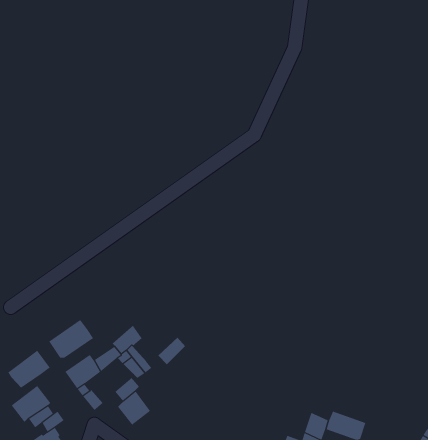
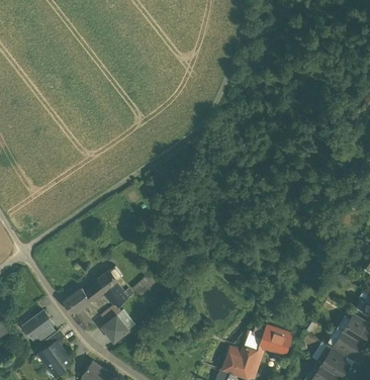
building: [49,319,94,359] -> none
building: [7,350,51,389] -> none

